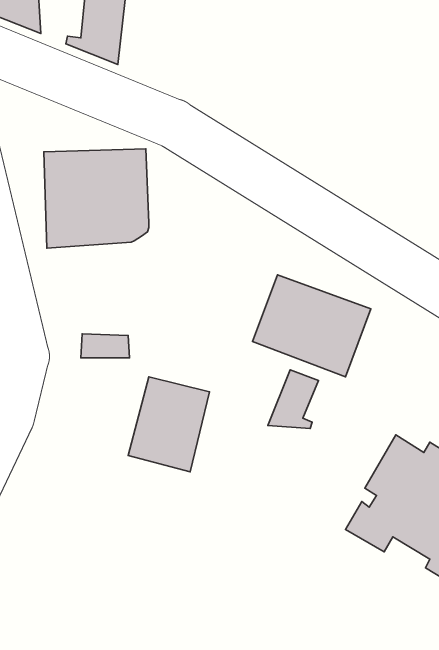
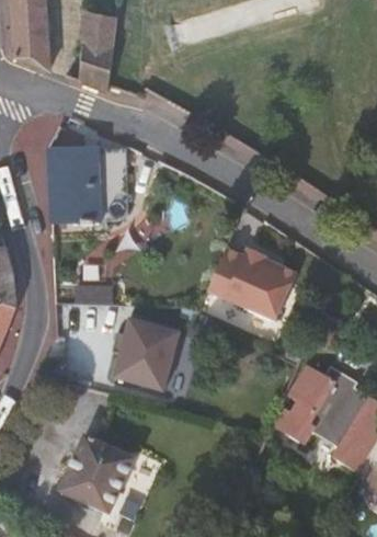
building: [268,370,319,429] -> none
building: none -> [56,437,139,518]

